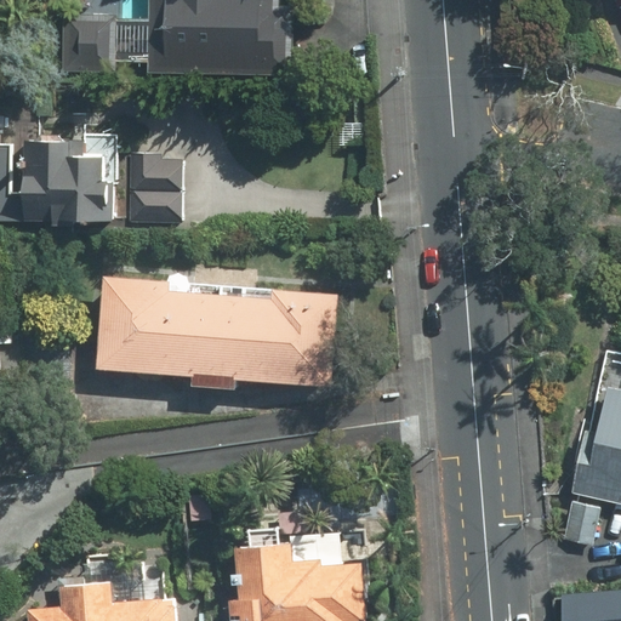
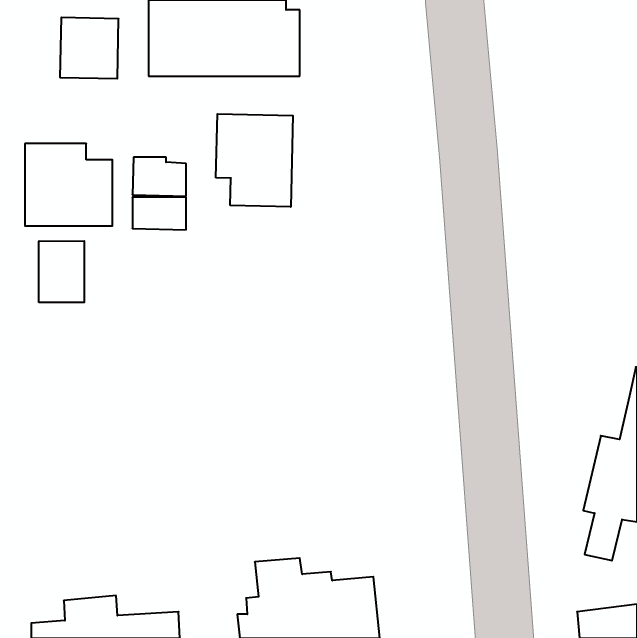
building: none -> [216,114,293,207]
building: none -> [39,241,84,302]
building: [95,277,338,386] -> none

